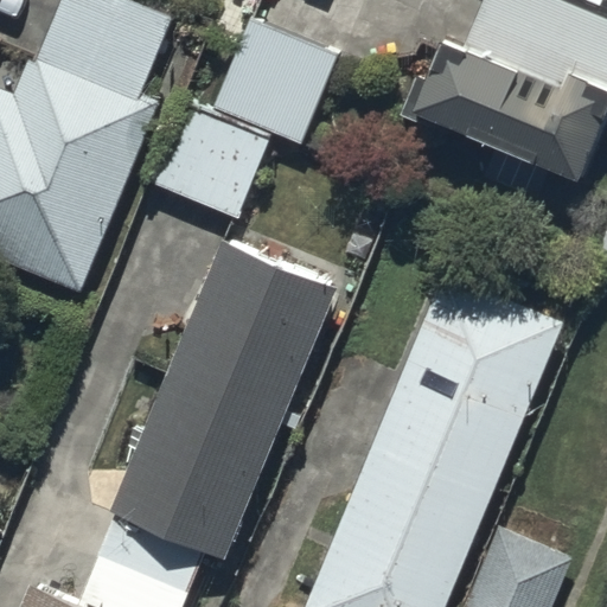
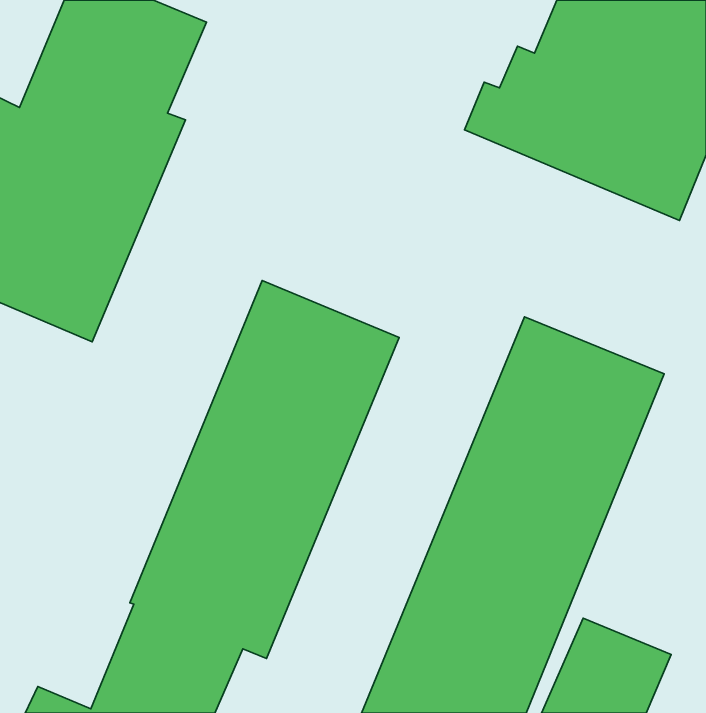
building: [216,21,336,142] -> none
building: [149,103,270,221] -> none

